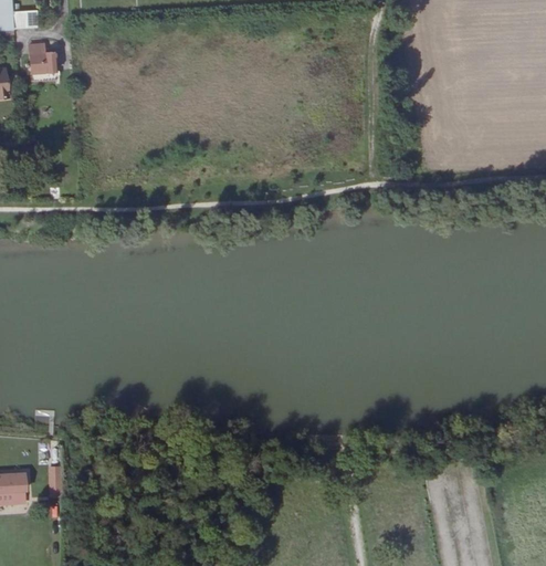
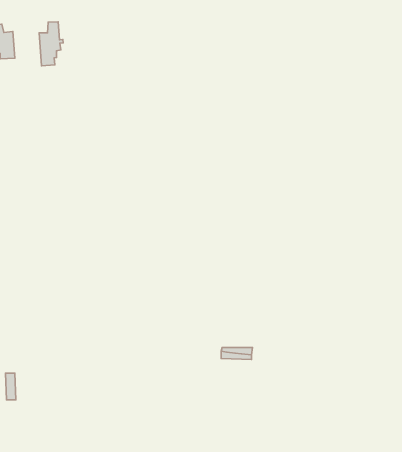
building: none -> [39,22,63,66]

